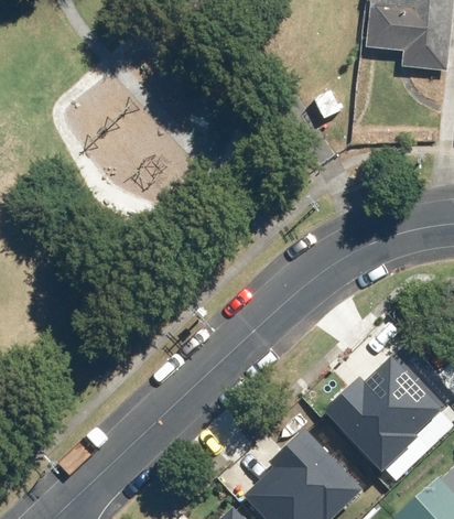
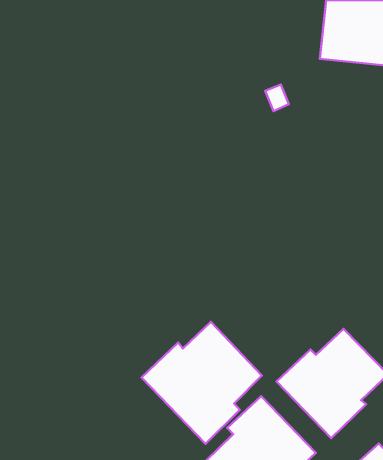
building: none -> [141,322,262,444]

